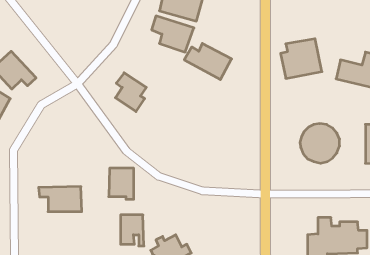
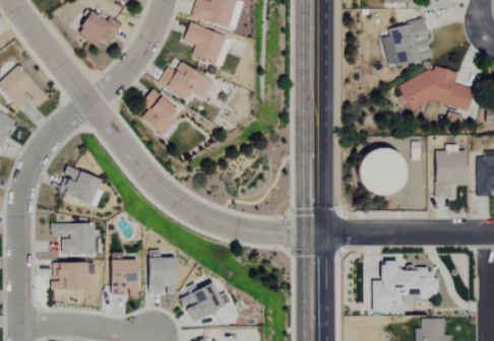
building: none -> [77,10,121,48]
building: [281,39,322,78] -> [384,20,433,67]
building: [184,43,232,80] -> [160,62,215,105]
building: none -> [59,168,100,203]
building: [109,168,134,199] -> [110,260,139,296]
building: none -> [51,263,95,290]

